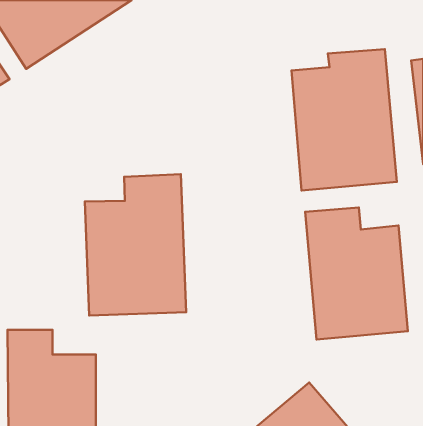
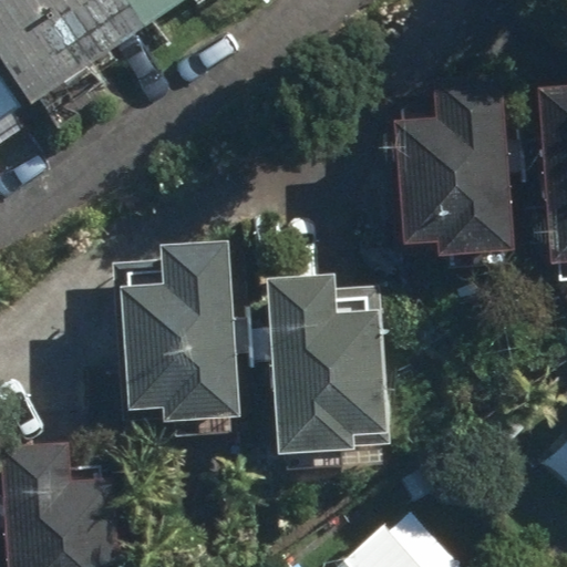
building: none -> [267,272,390,454]
building: [305,207,408,339] -> none

